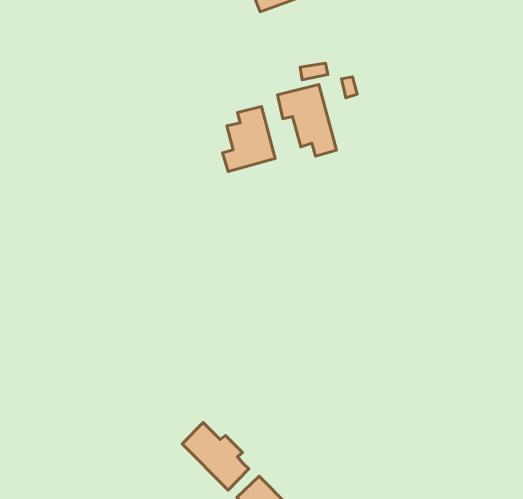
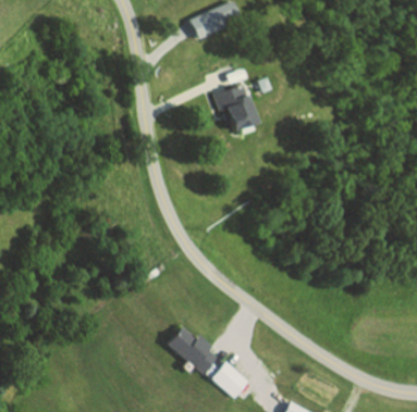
building: [222,107,275,172] -> none

